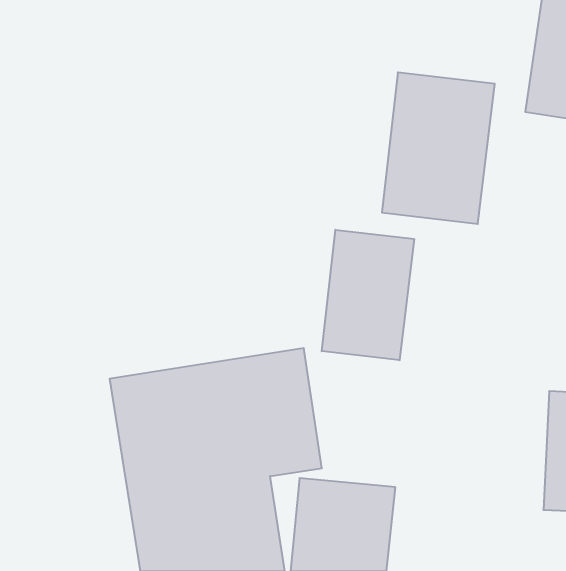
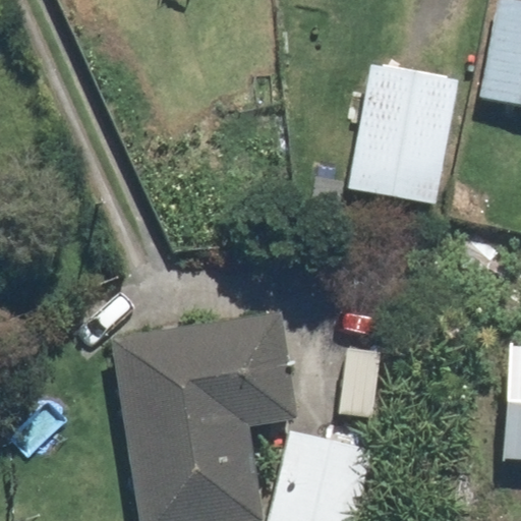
building: [322,230,414,360] -> none

